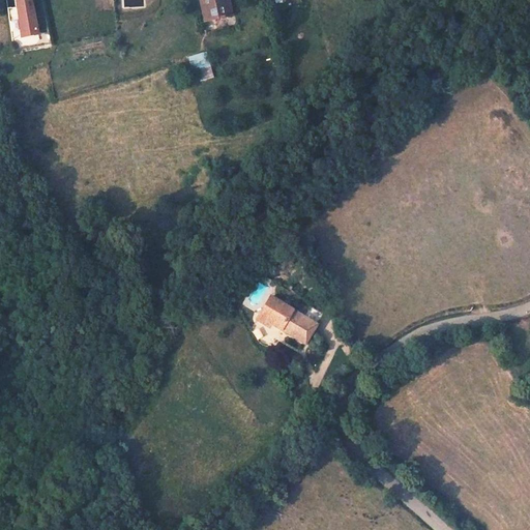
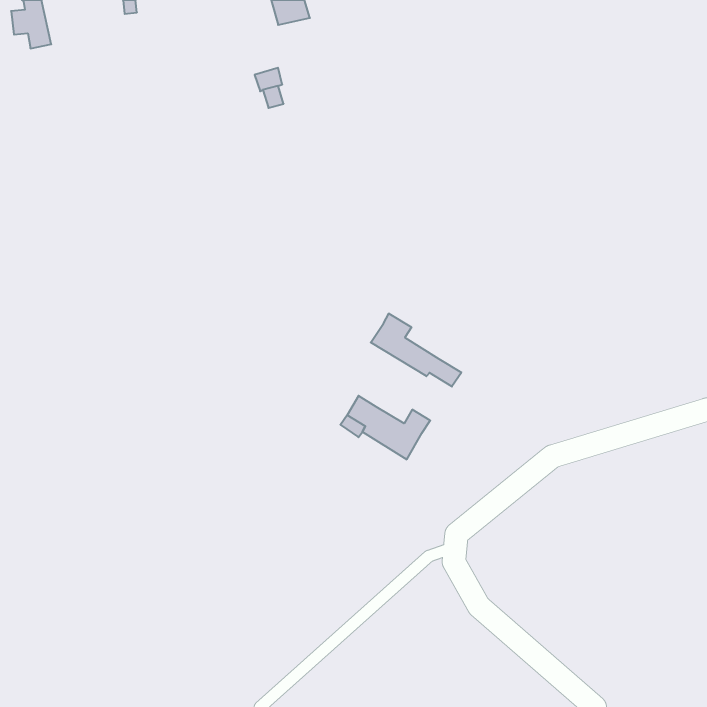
building: none -> [371,313,461,387]

